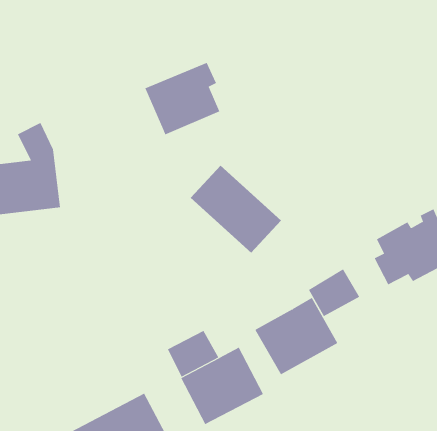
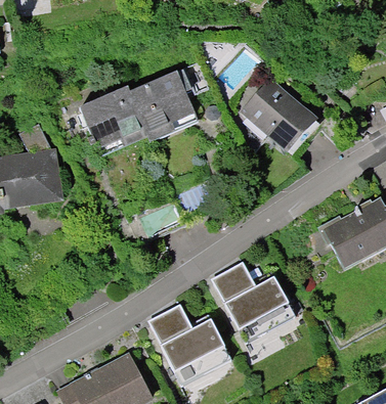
building: none -> [79,88,144,149]
building: [190,165,282,253] -> [243,82,323,159]
building: [308,268,360,317] -> [212,260,257,302]

